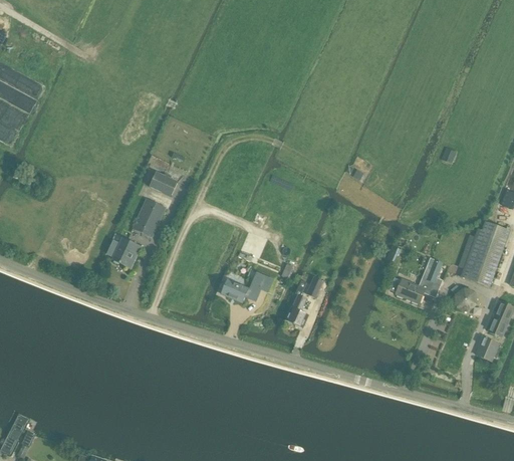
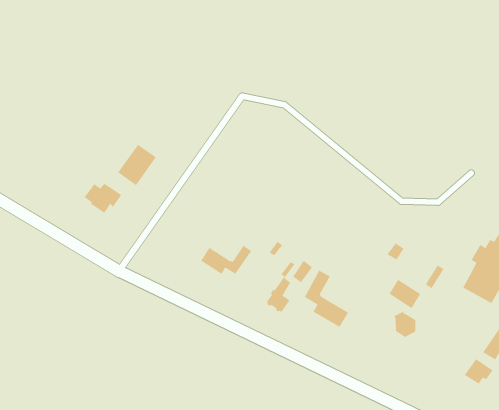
building: [149,170,178,195] -> none
building: none -> [304,270,349,328]
building: [453,285,476,309] -> [393,311,416,338]

